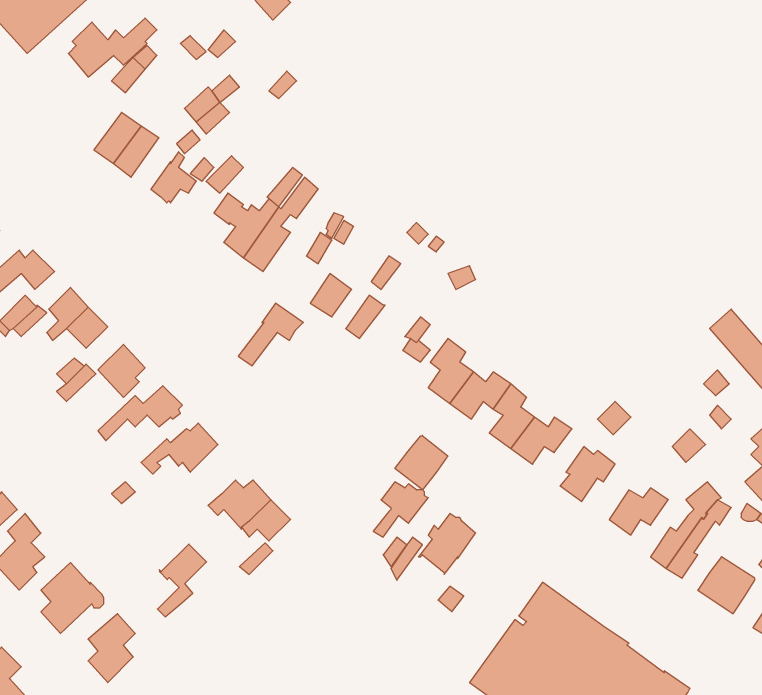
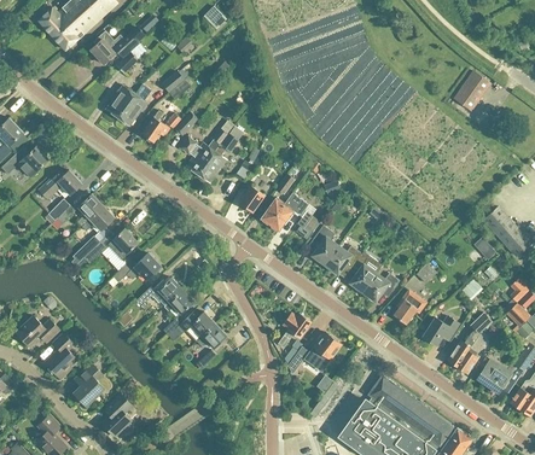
building: none -> [455,72,489,110]
building: [238,303,303,366] -> [269,193,309,232]
building: [395,435,448,490] -> none
building: [157,544,207,617] -> [163,291,193,336]

